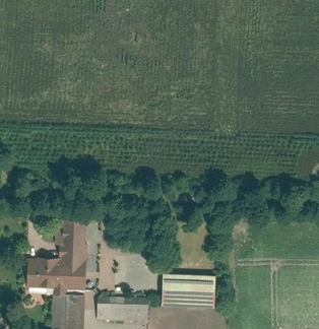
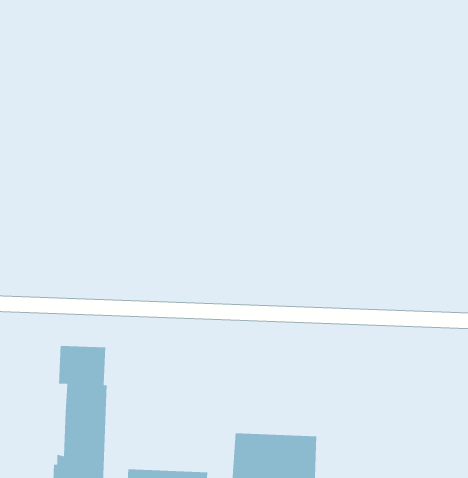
building: [28,260,60,287] -> none

